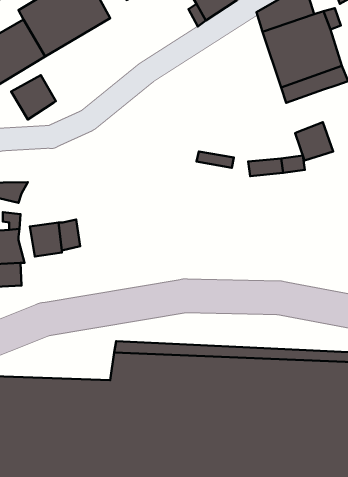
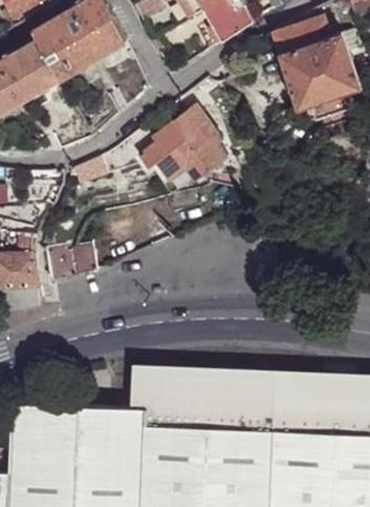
building: [11,75,56,119] -> none
building: none -> [139,104,228,182]
building: [295,122,333,161] -> none

